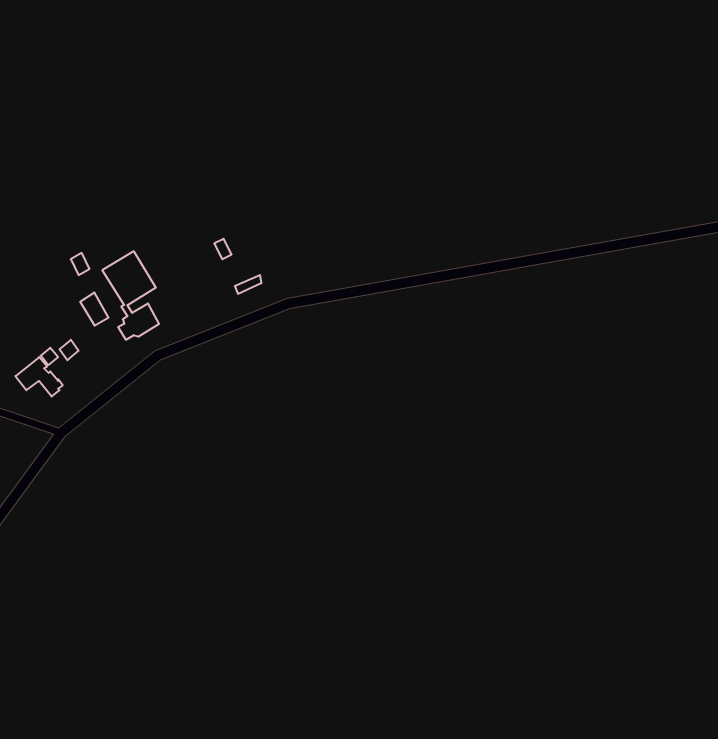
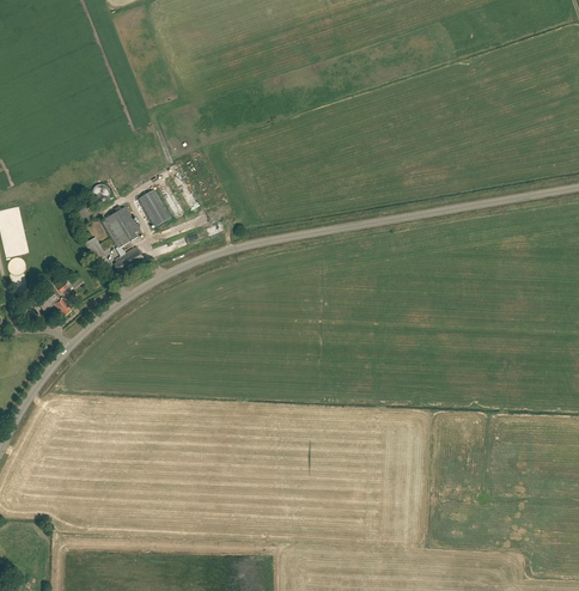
building: none -> [138,189,171,227]

